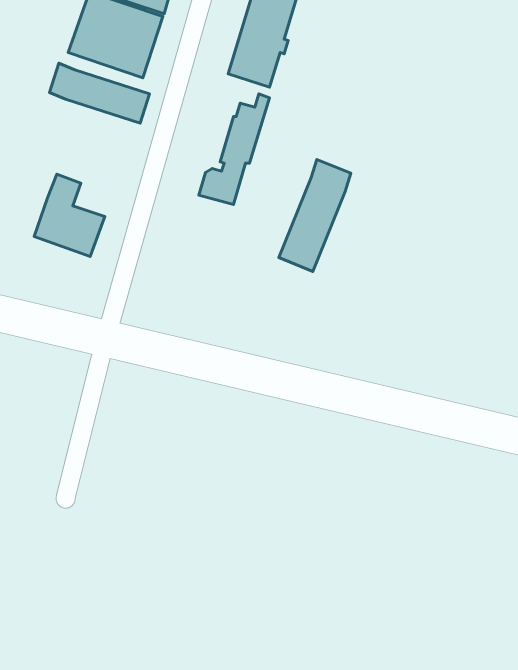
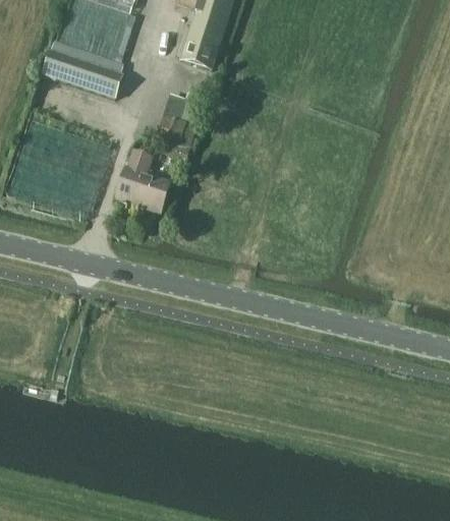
building: [279,159,351,271] -> none
building: [34,174,105,257] -> [116,149,170,212]

